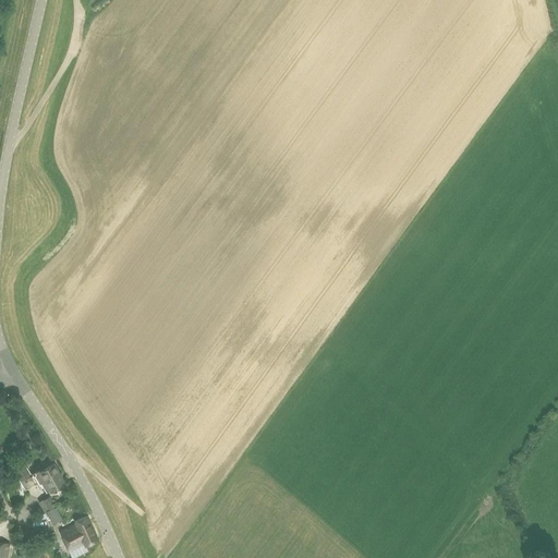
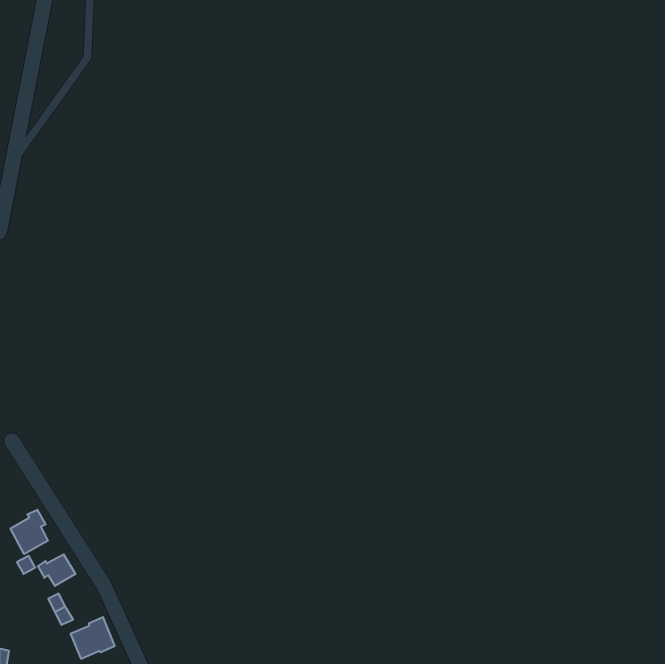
building: none -> [11,510,48,554]

